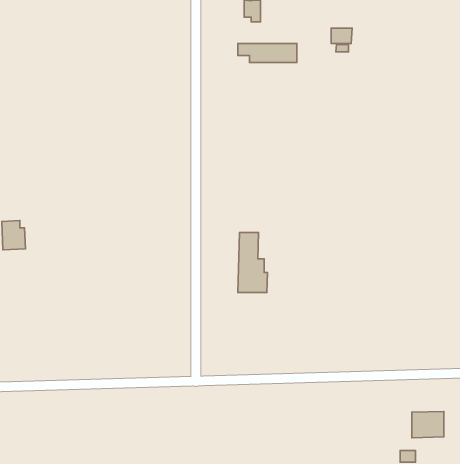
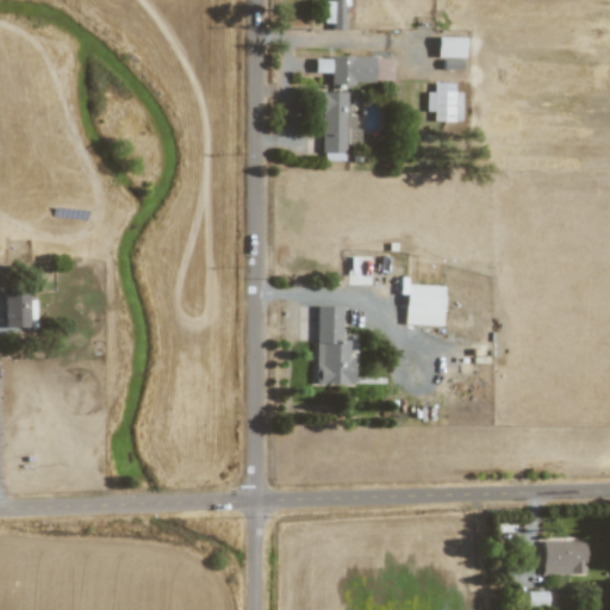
building: none -> [428,82,463,120]
building: none -> [323,91,363,161]
building: none -> [402,282,446,320]

